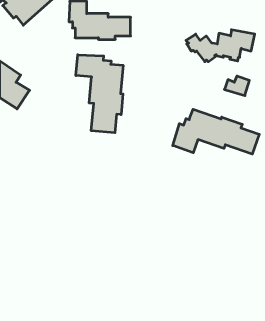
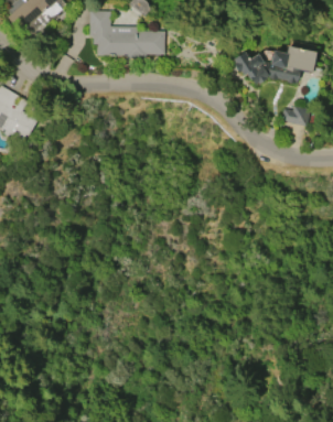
building: [76,55,123,133] -> none
building: [173,109,259,154] -> none

